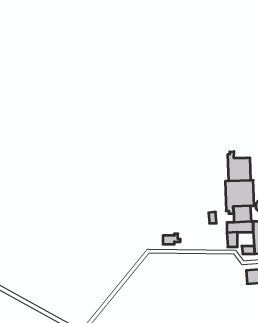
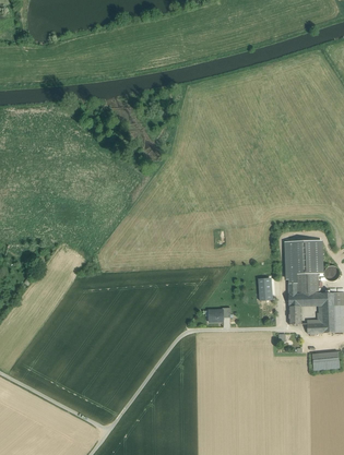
building: [228,151,250,181] -> none

